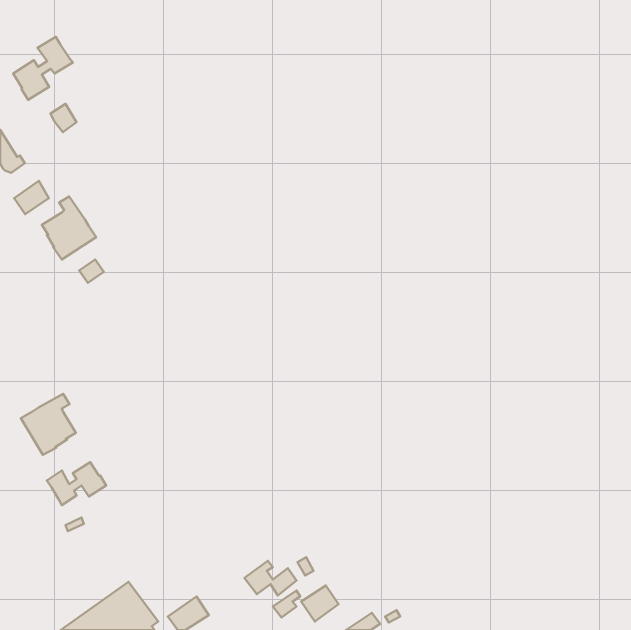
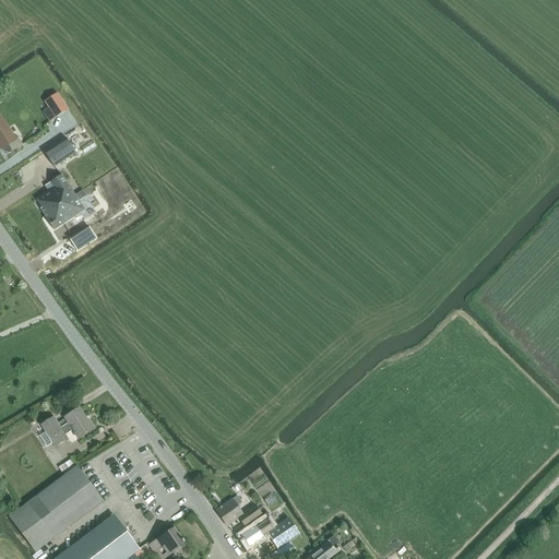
building: [13,37,73,100] -> none
building: [14,181,49,214] -> [45,136,75,166]
building: [21,394,76,455] -> none
building: none -> [9,465,103,550]

